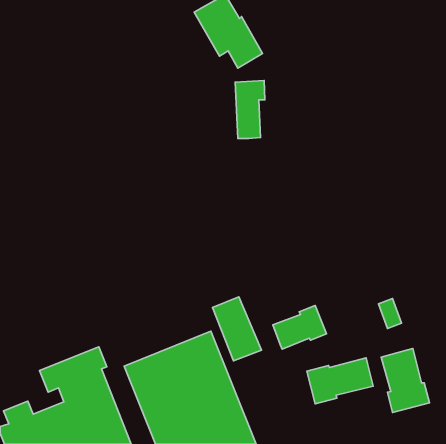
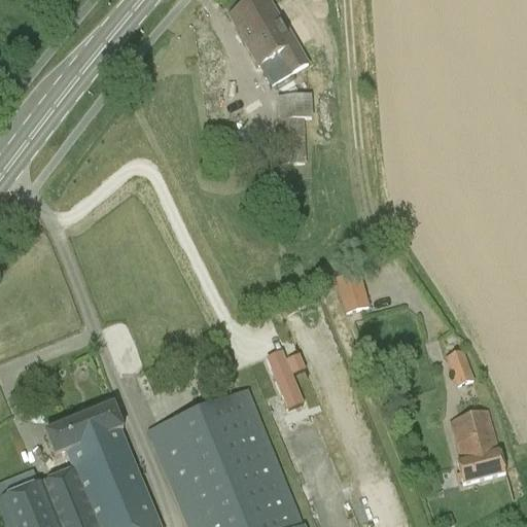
building: none -> [339,274,370,313]
building: [273,306,326,349] -> none
building: [307,358,373,404] -> none

